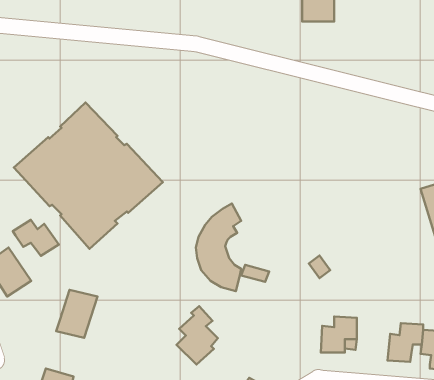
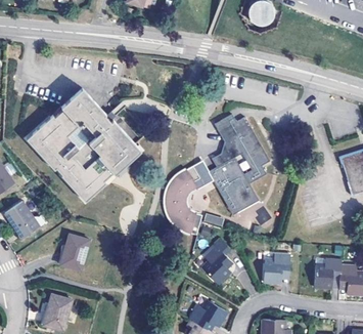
building: none -> [208,115,270,216]
building: [13,220,59,256] -> none
building: [177,306,218,365] -> [202,240,234,285]

